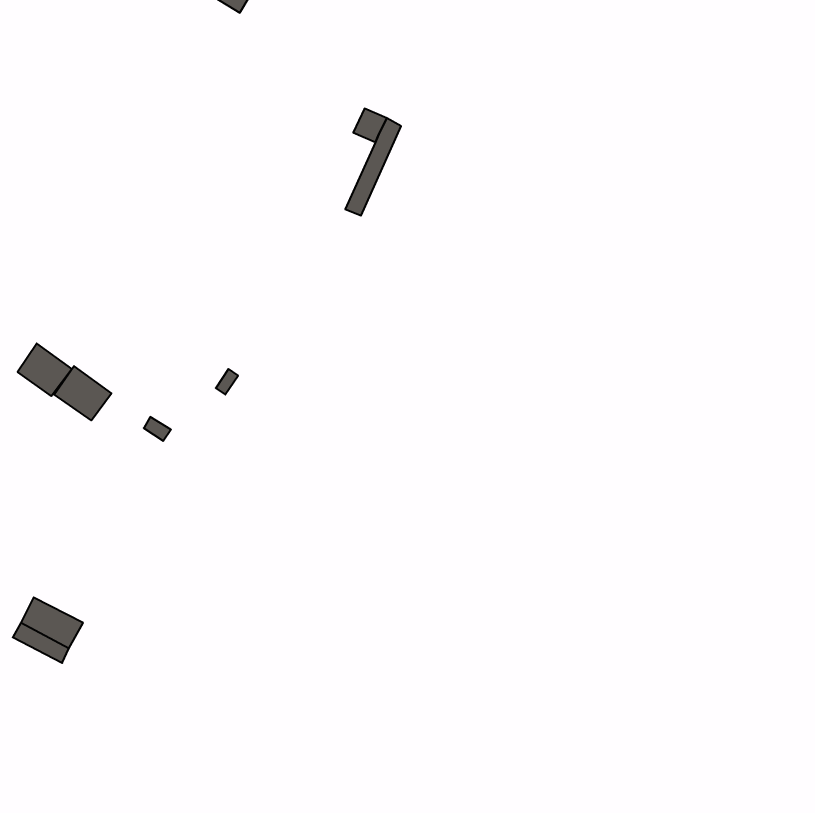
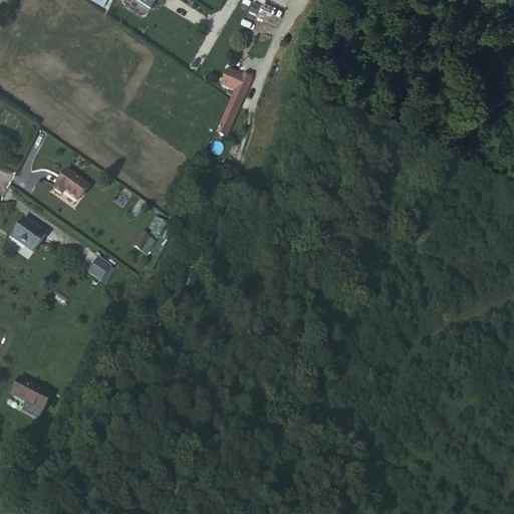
building: none -> [53,167,86,198]
building: [54,366,111,420] -> none

